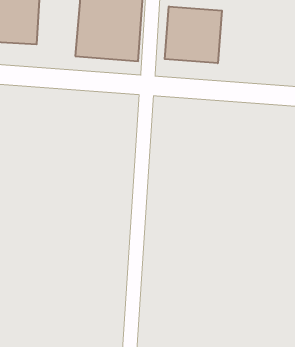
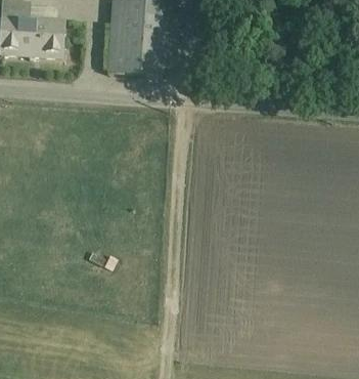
building: [165,6,222,63] -> none

